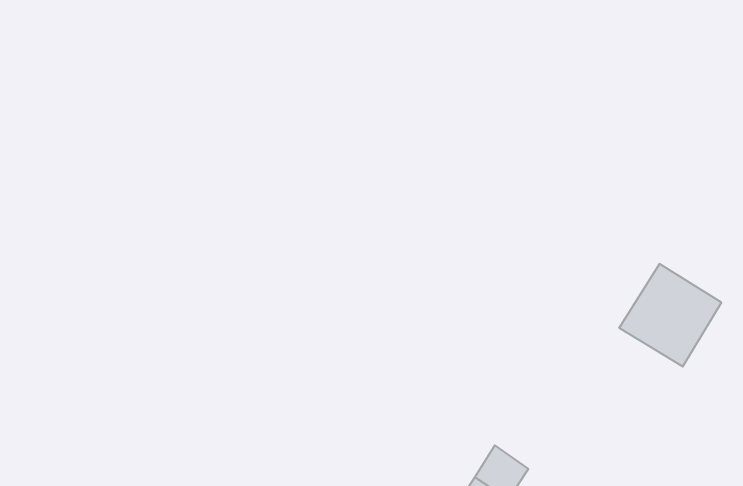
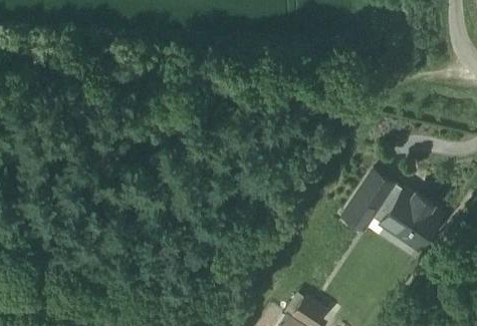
building: none -> [339,168,395,231]

